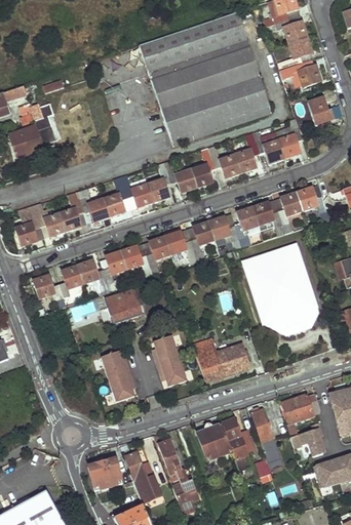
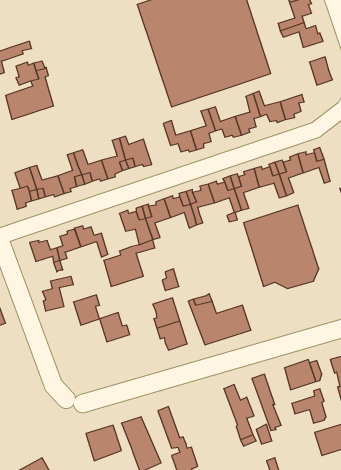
building: [147,162,171,202] -> none
building: [104,250,127,290] -> none
building: [263,305,319,333] -> none
building: none -> [43,276,73,311]
building: [109,369,134,399] -> [73,295,100,325]
building: [197,423,231,459] -> none

